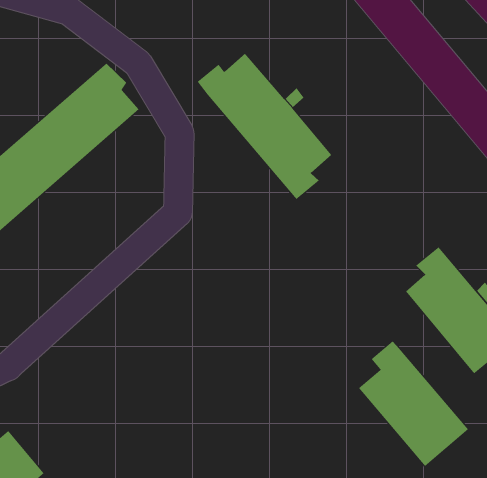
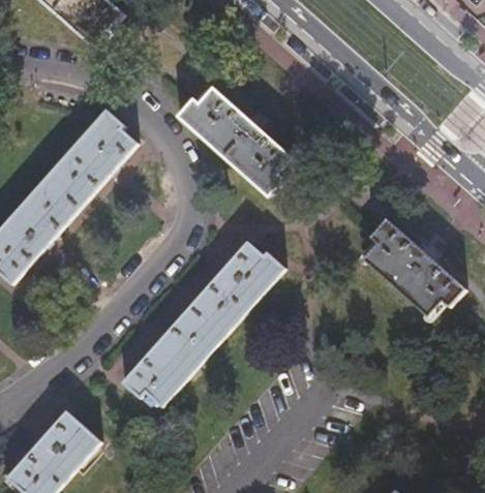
building: none -> [122,241,285,405]
building: [358,341,469,467] -> none

